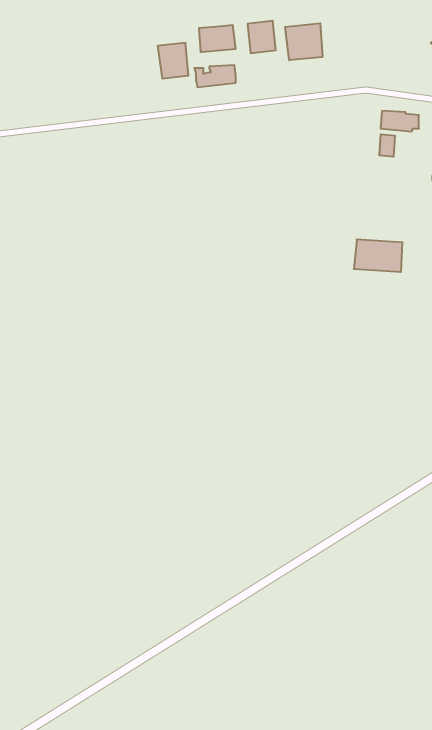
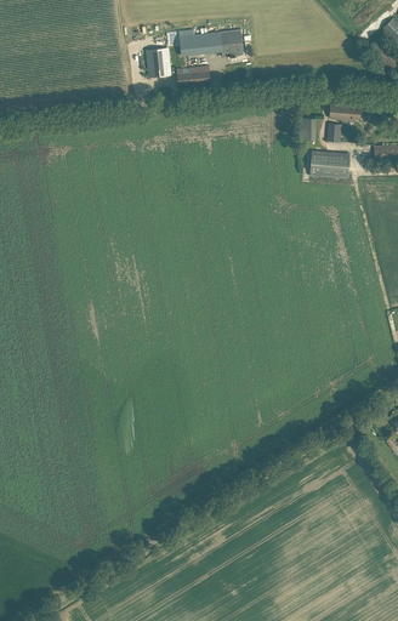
building: [285,23,322,60] -> none
building: [354,239,403,272] -> [308,150,348,177]

